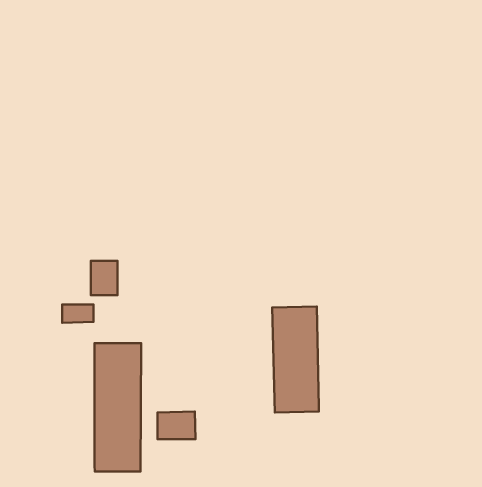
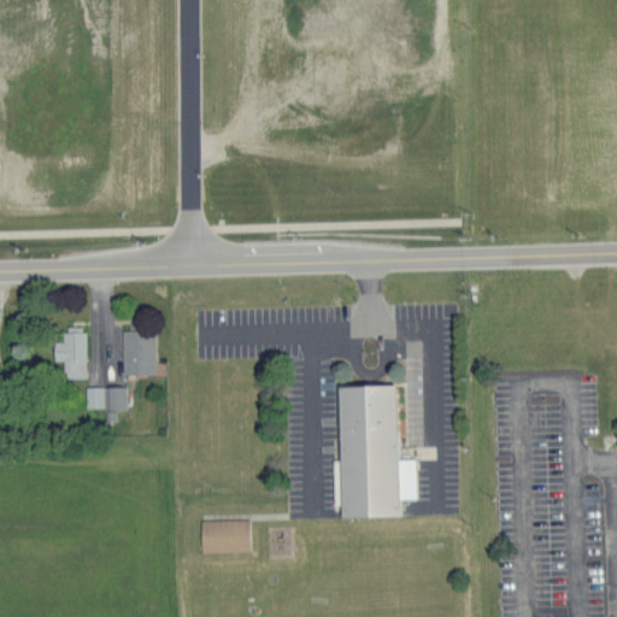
building: none -> [47,324,78,376]
building: [94,343,141,471] -> none

